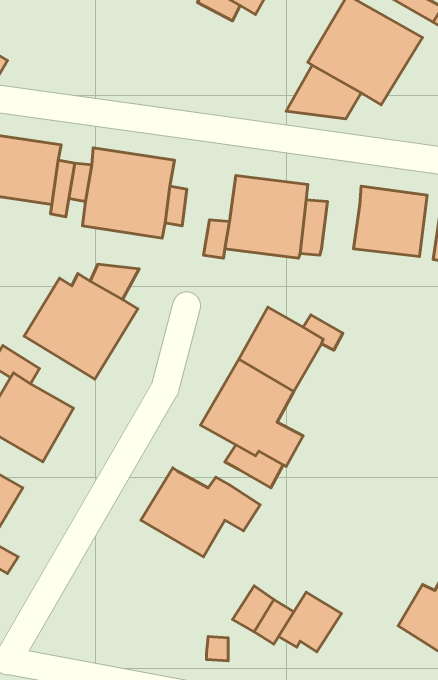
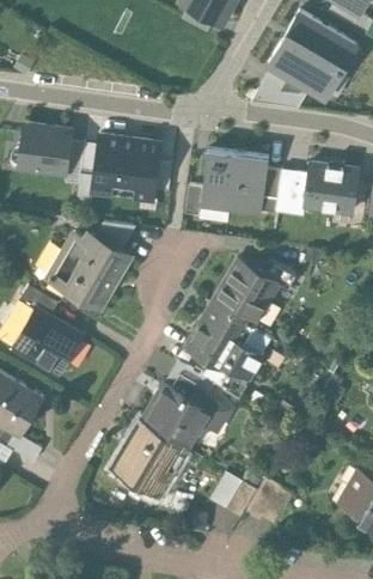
building: none -> [279,171,308,213]
building: none -> [166,364,214,396]
building: none -> [111,421,186,504]

